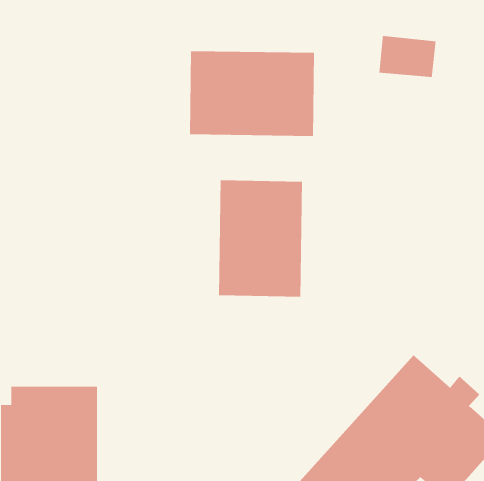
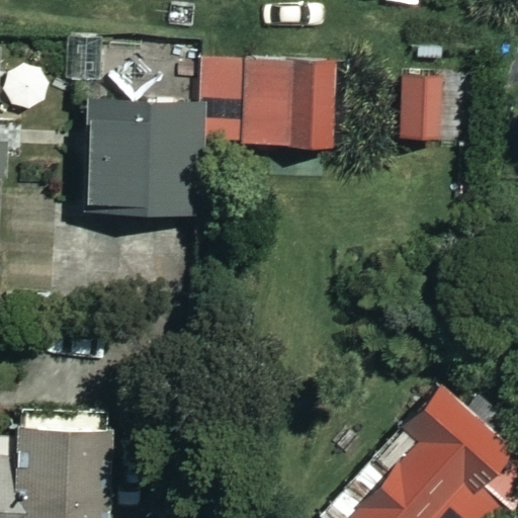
building: none -> [85,106,199,220]
building: [218,179,303,298] -> none

